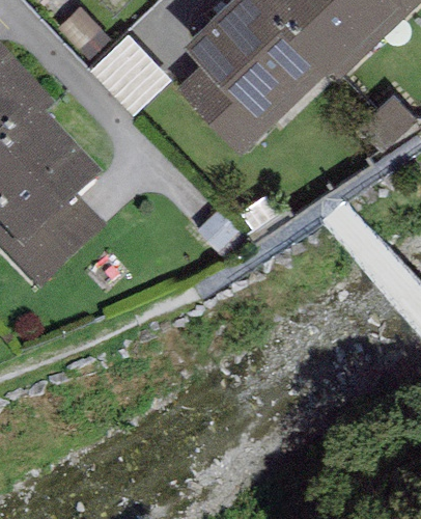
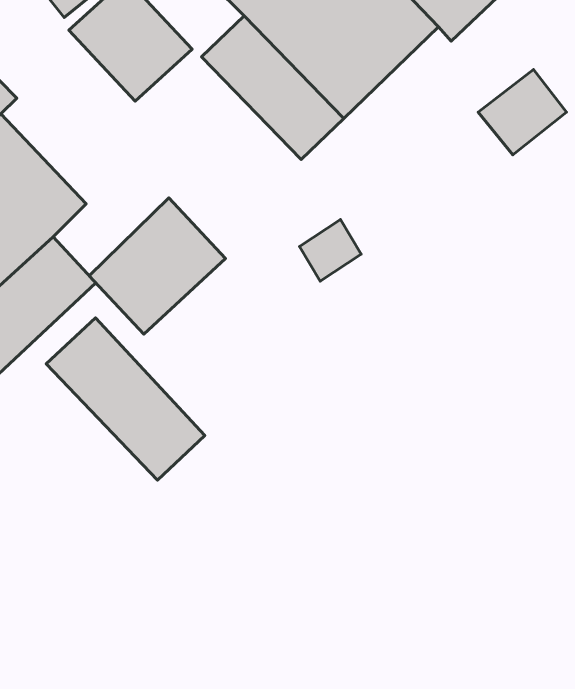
building: none -> [89,198,225,334]
building: none -> [46,318,205,480]

